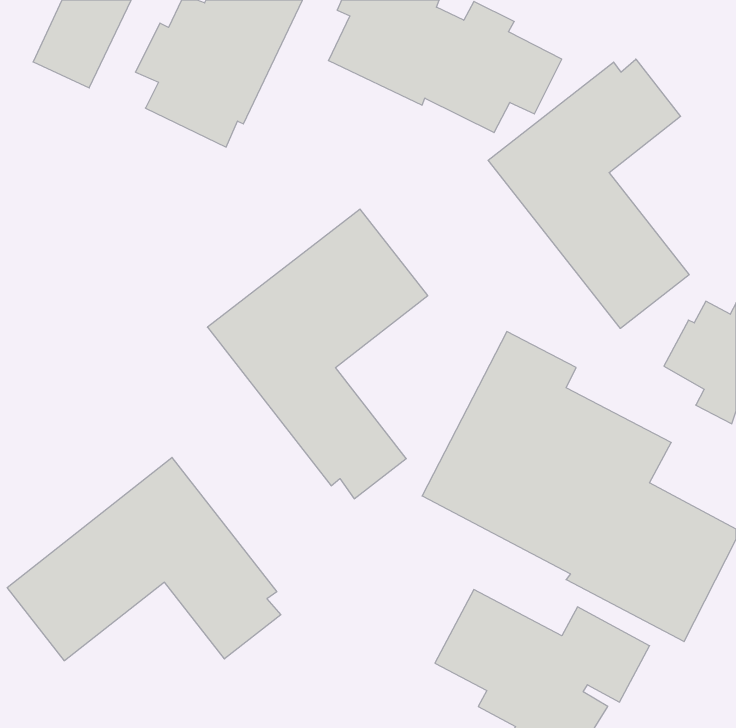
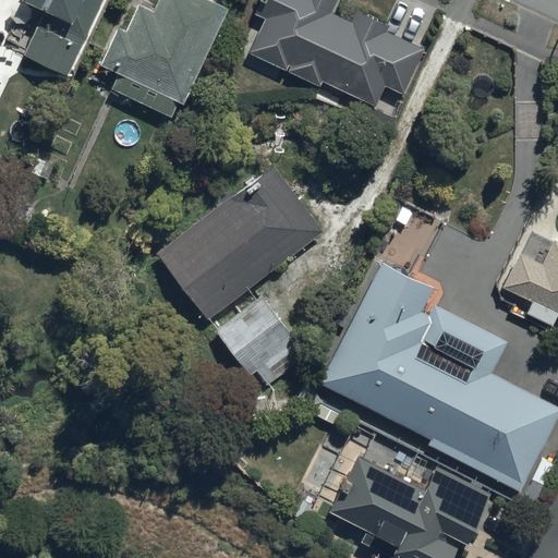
building: [488,59,689,328] -> none
building: [7,457,281,661] -> none

